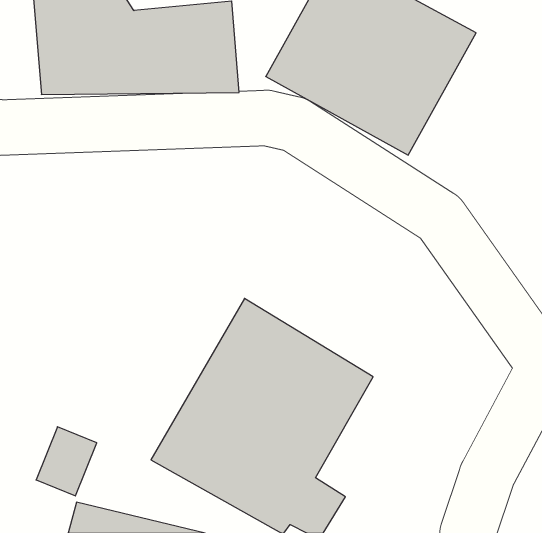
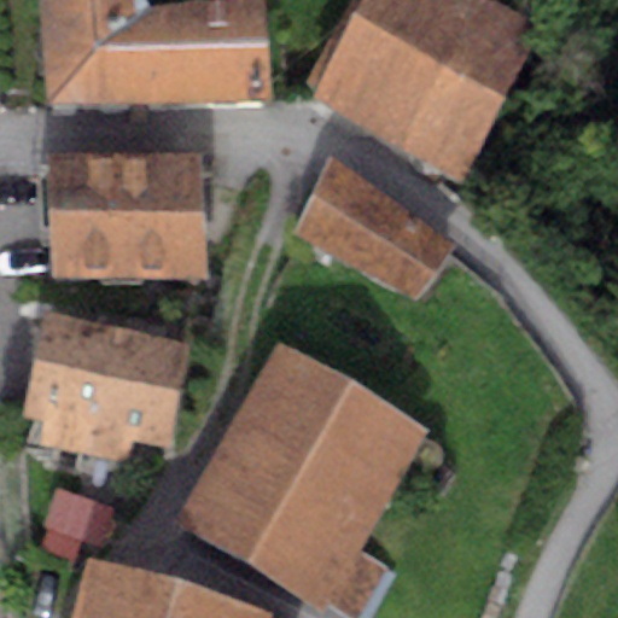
building: none -> [45,154,210,281]
building: none -> [296,163,455,297]
building: none -> [22,314,188,461]

